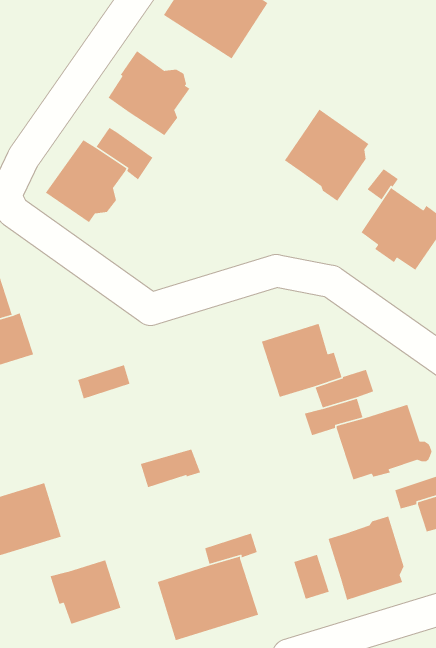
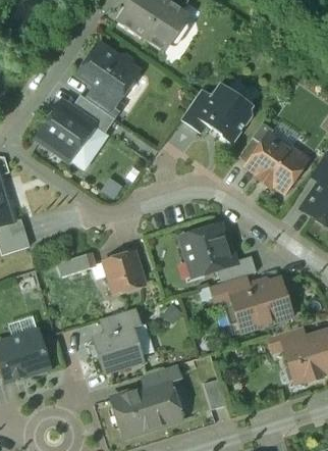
building: none -> [86,85,124,117]
building: none -> [180,88,212,132]
building: none -> [105,251,143,292]
building: [328,515,405,601] -> none
building: [49,559,121,625] -> [94,327,142,370]

